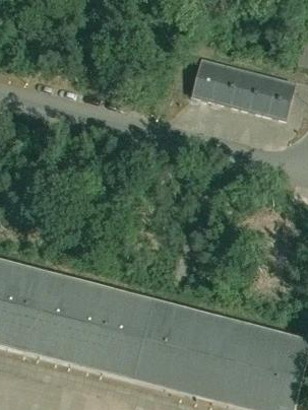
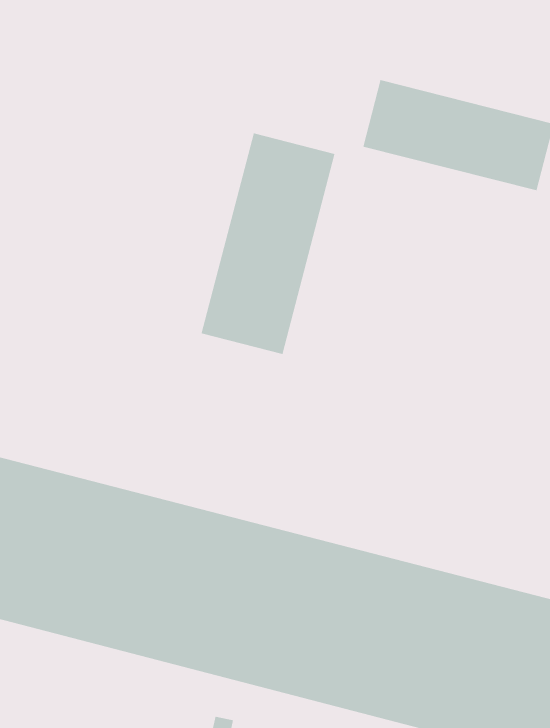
building: none -> [201,132,335,355]

